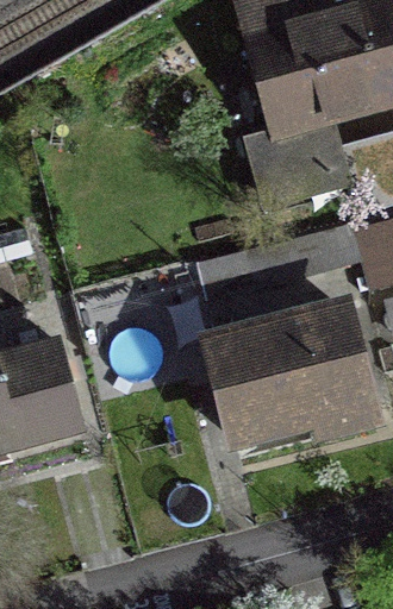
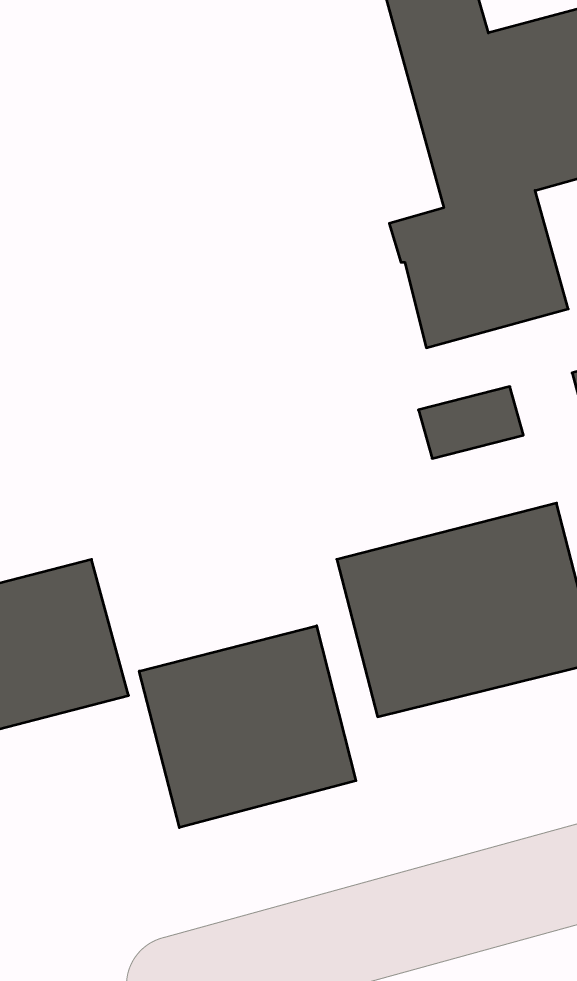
building: none -> [139,626,356,828]

